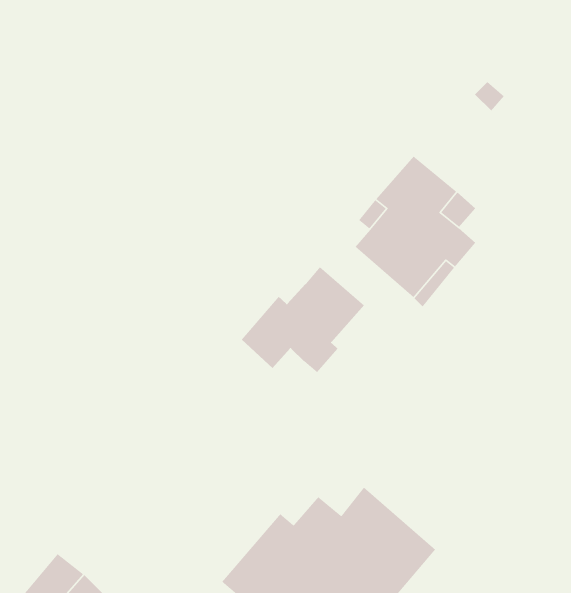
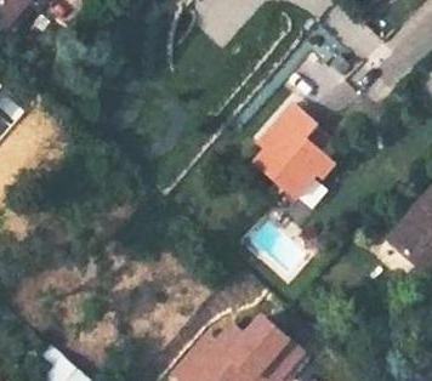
building: [241,266,365,373] -> none

